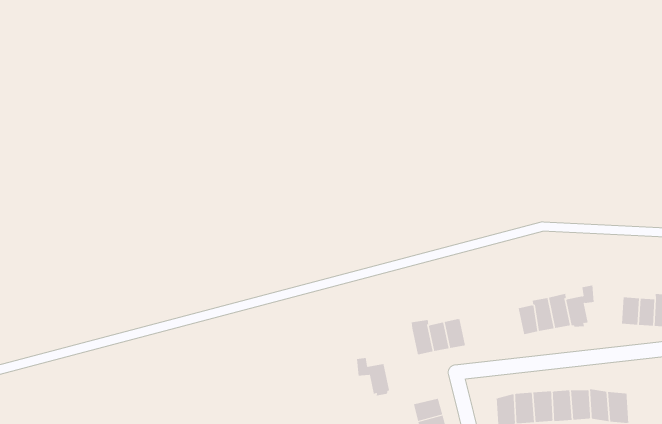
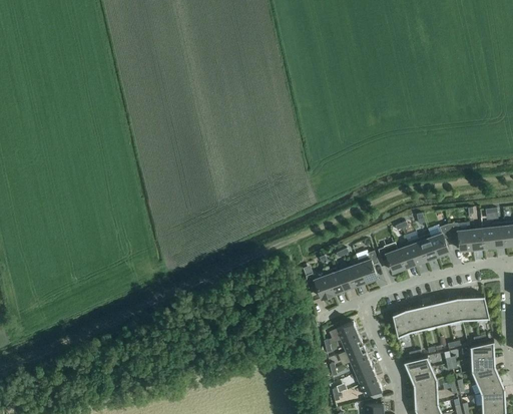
building: none -> [448,225,472,253]
building: none -> [378,245,405,274]
building: none -> [357,252,378,284]
building: [356,358,391,396] -> [306,275,334,301]

